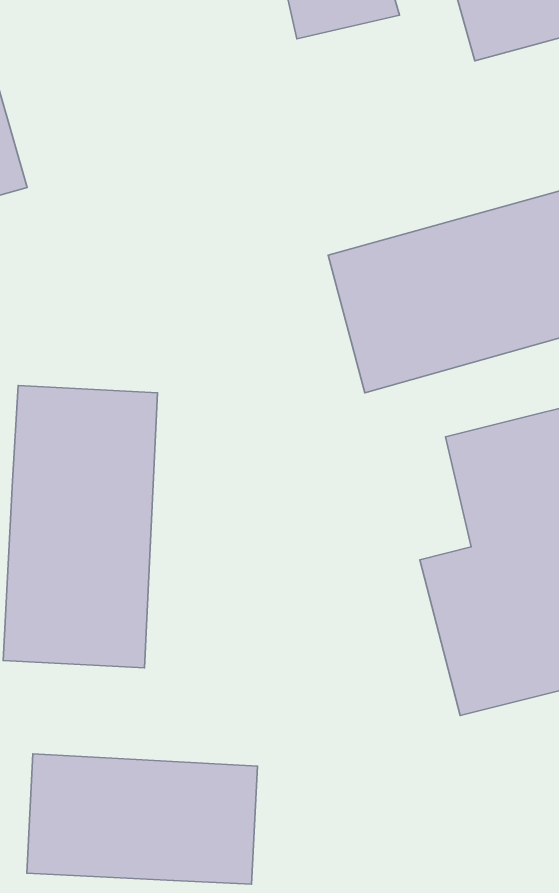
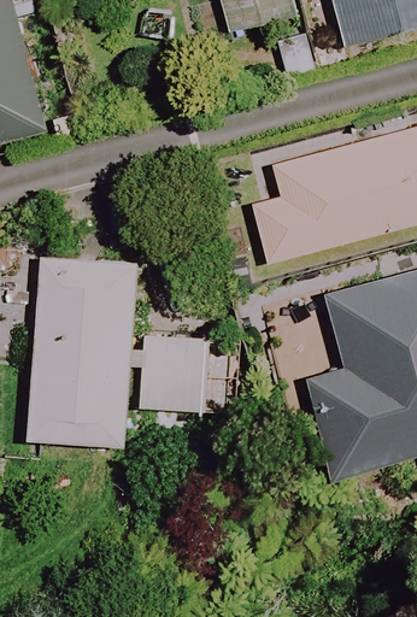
building: none -> [142,331,209,410]
building: [27,754,257,884] -> none

